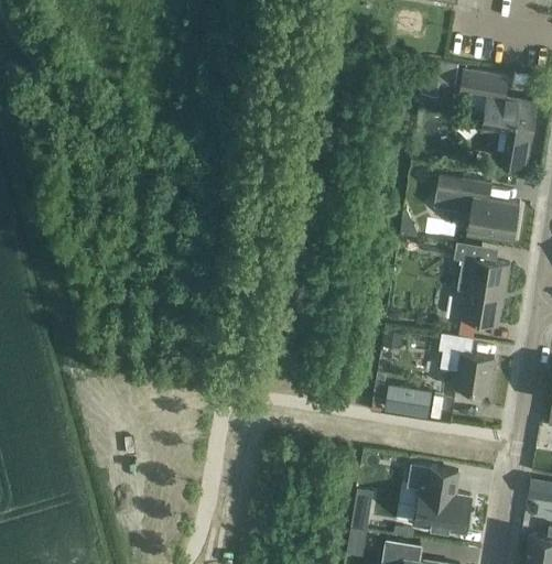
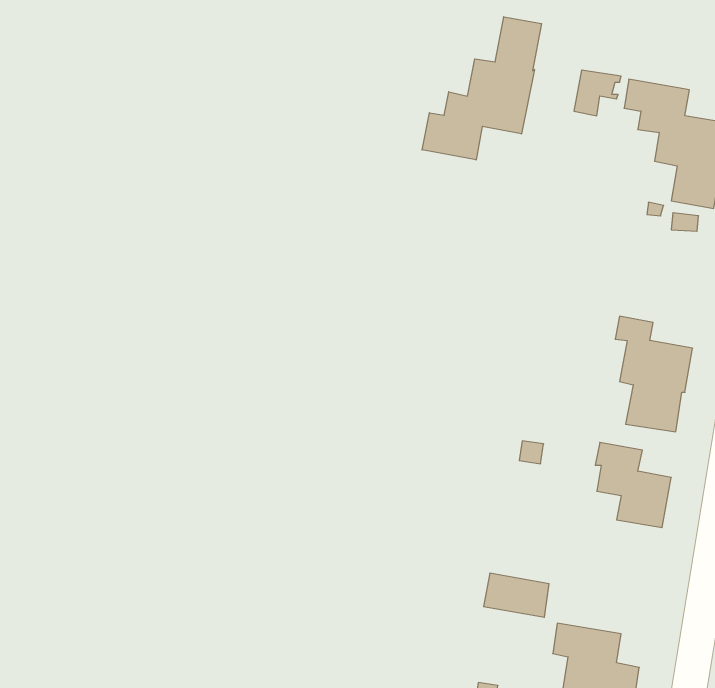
building: none -> [422,17,542,160]
building: [435,175,520,239] -> none
building: [385,384,432,416] -> [484,573,549,617]

